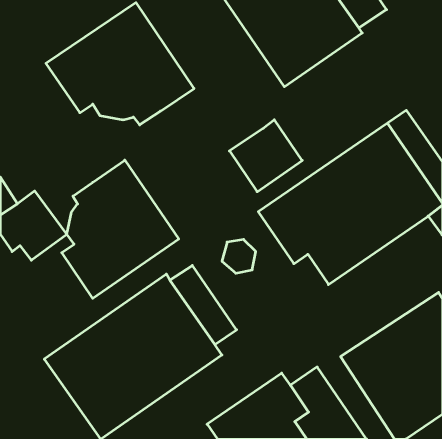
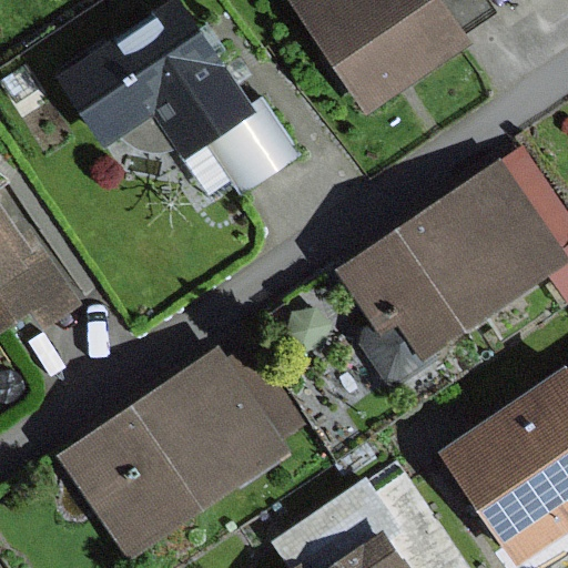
building: [229,120,302,192] -> [206,102,300,194]
building: [62,160,179,298] -> none

